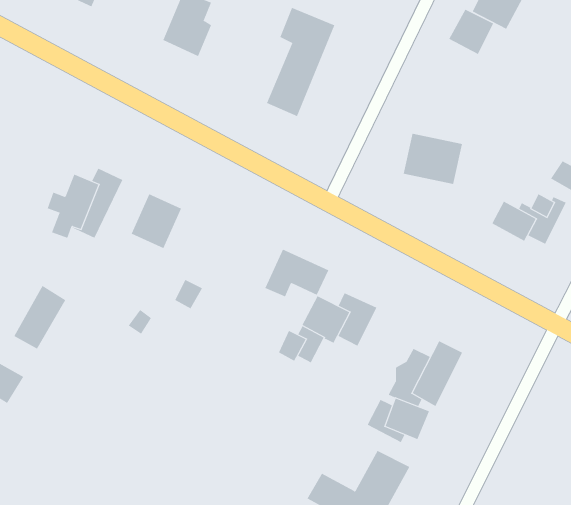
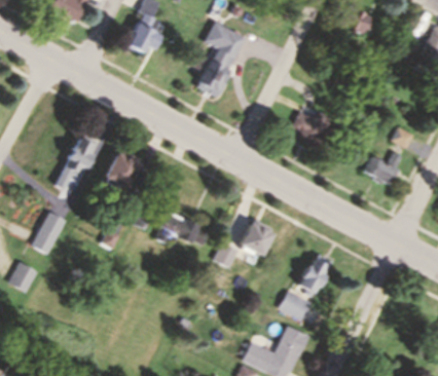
building: [448,9,494,55] -> none
building: [265,249,329,297] -> [156,211,200,243]

